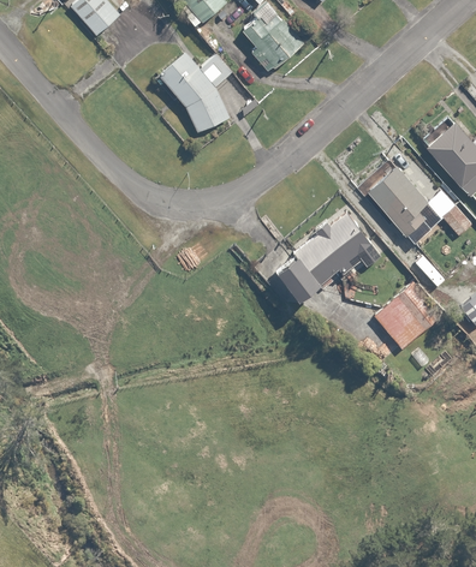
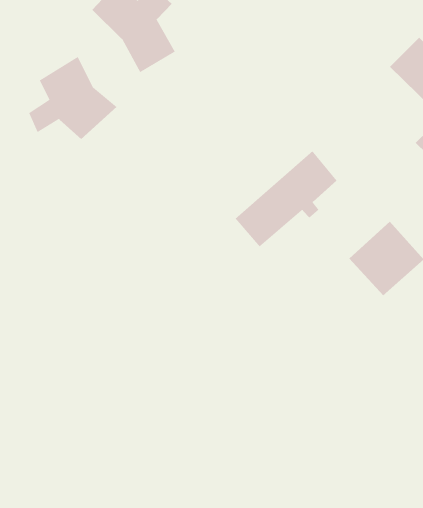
building: none -> [28,56,117,140]
building: [364,162,430,237] -> none

